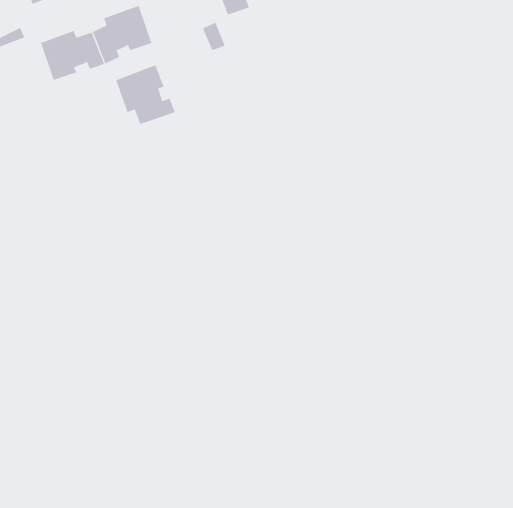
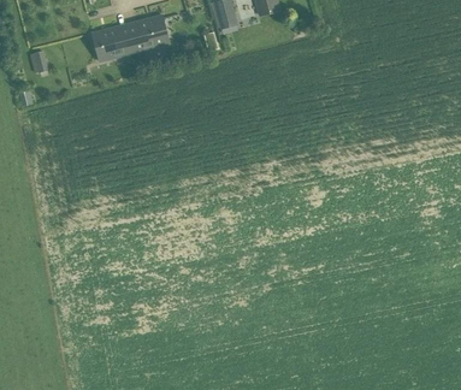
building: [115,65,176,125] -> none

